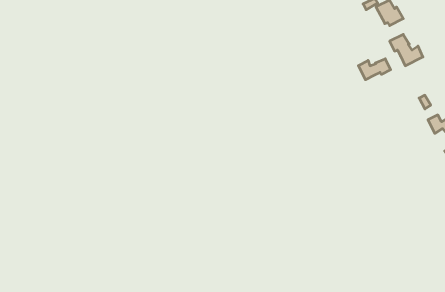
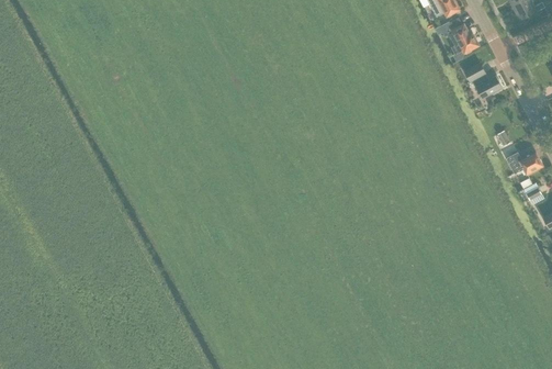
building: [358,59,391,80] -> none

